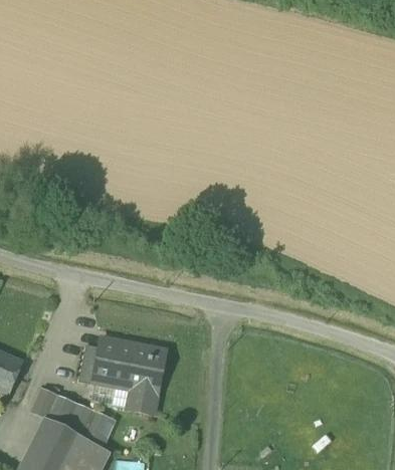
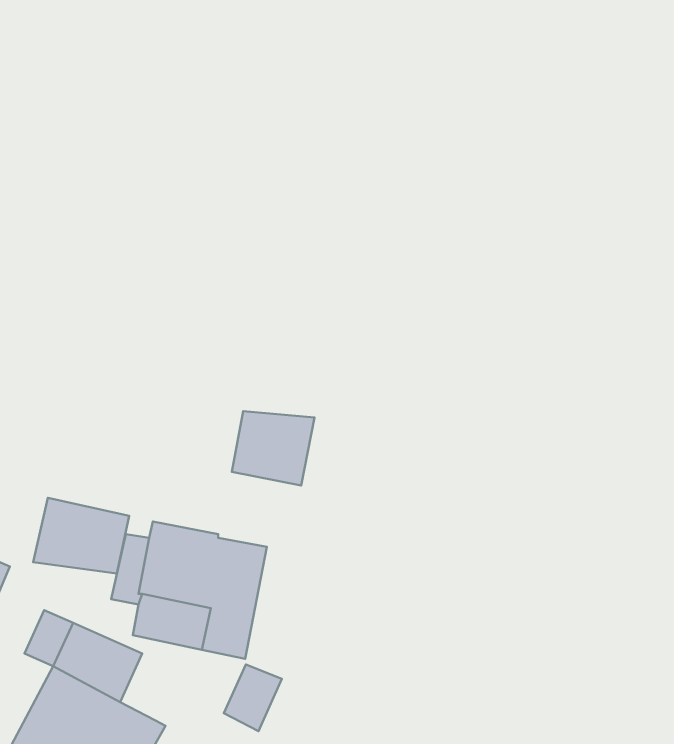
building: none -> [232,411,315,485]
building: none -> [33,498,129,574]
building: [83,411,116,448] -> [224,664,282,731]

